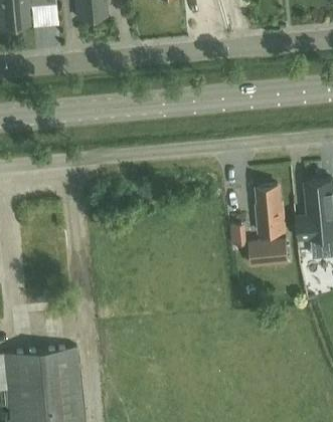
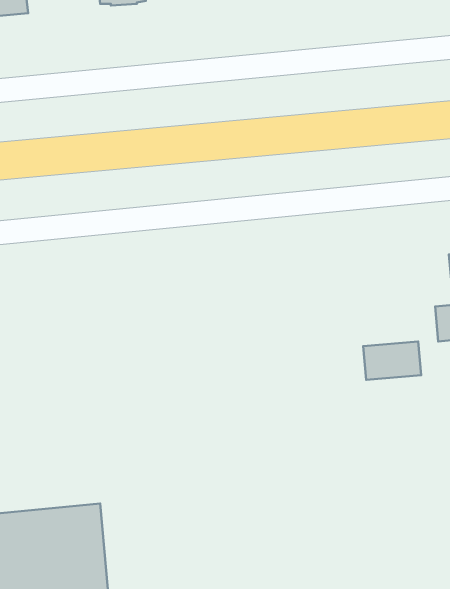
building: [257,187,285,235] -> none

